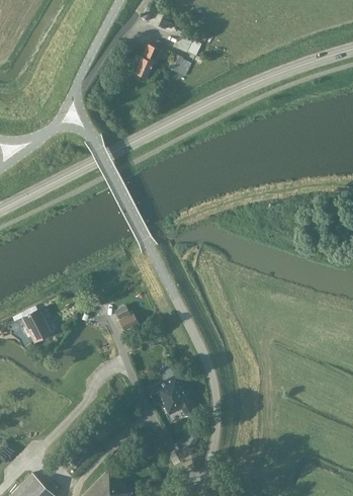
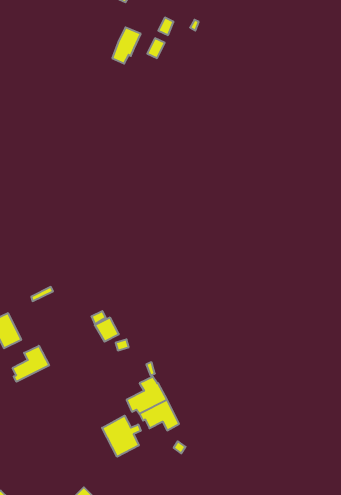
building: none -> [13,346,49,382]
building: none -> [102,416,141,457]

